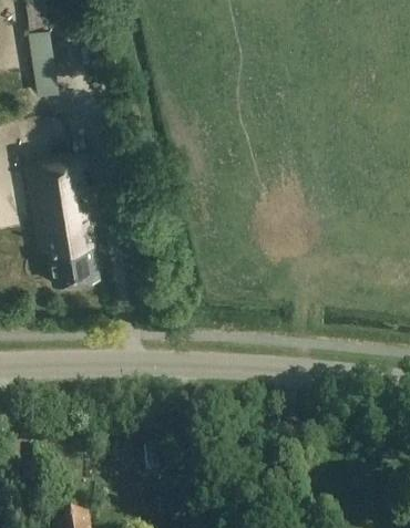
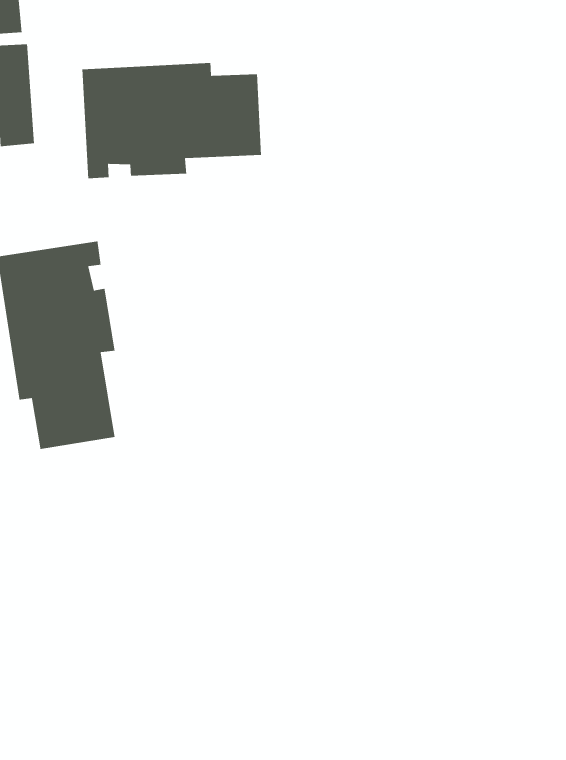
building: none -> [81,62,262,179]

